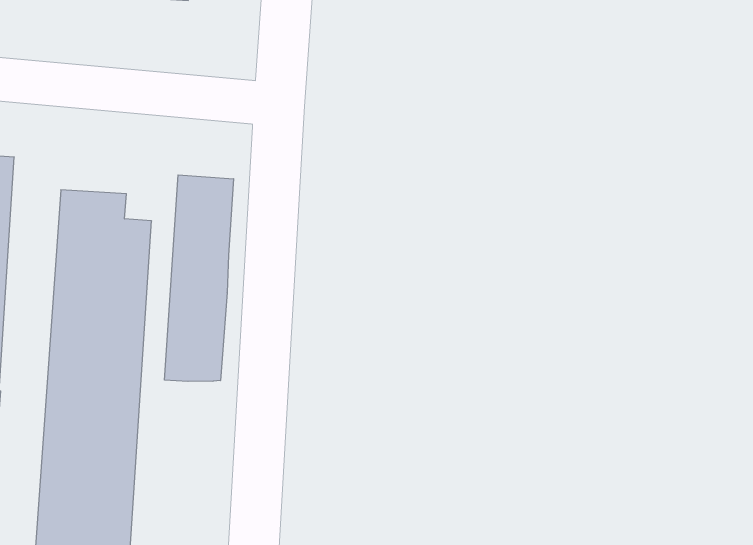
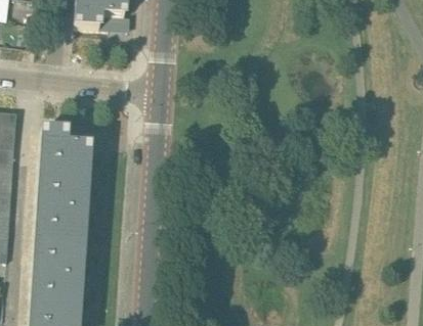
building: [165,175,234,381] -> none

